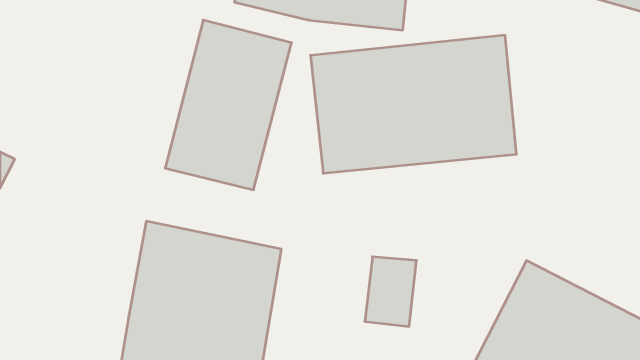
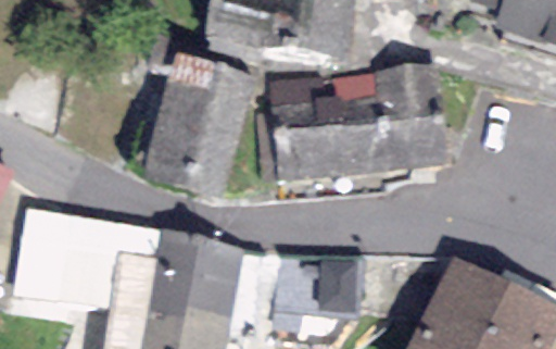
building: none -> [12,208,126,307]

